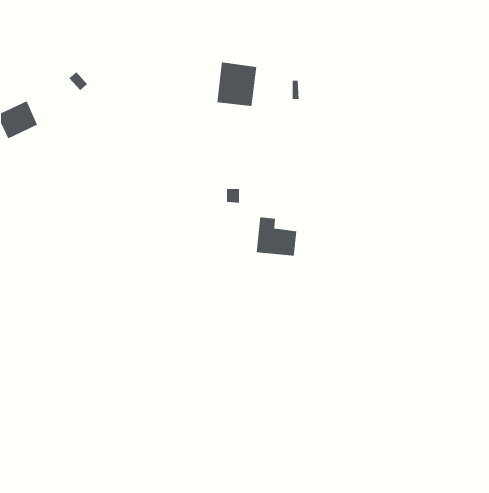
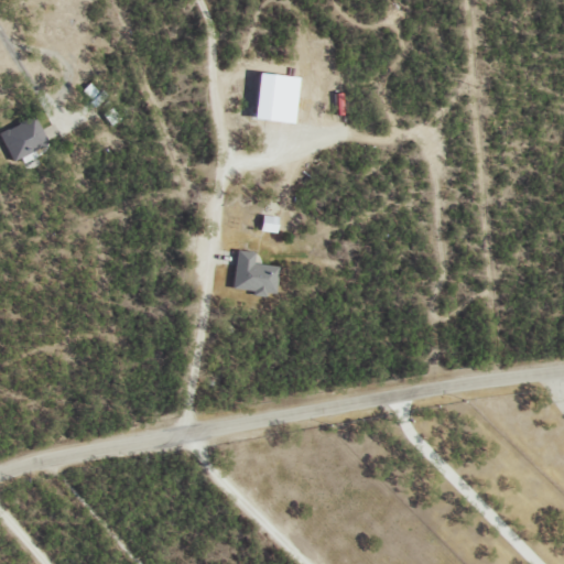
building: [256,217,297,256] -> [234,250,281,295]

